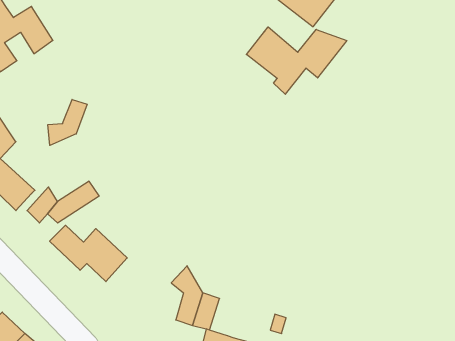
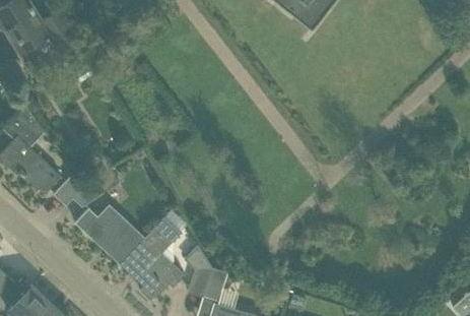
building: [246,27,347,94] -> none
building: [48,99,87,145] -> none
building: none -> [124,216,184,300]

